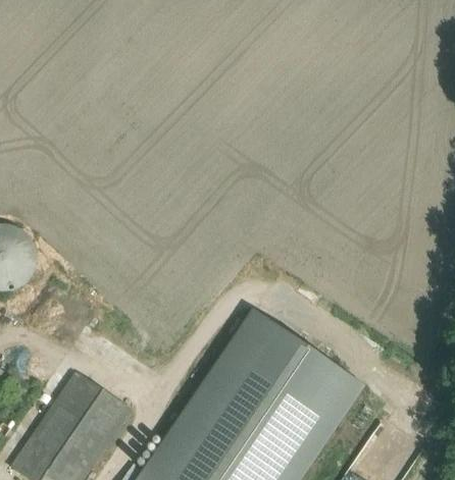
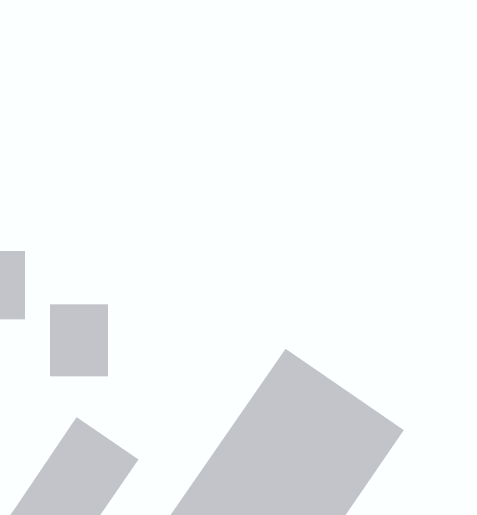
building: none -> [49,304,109,377]

